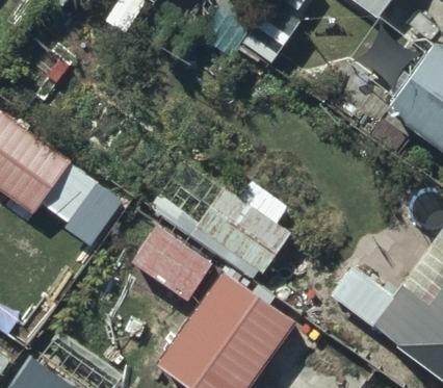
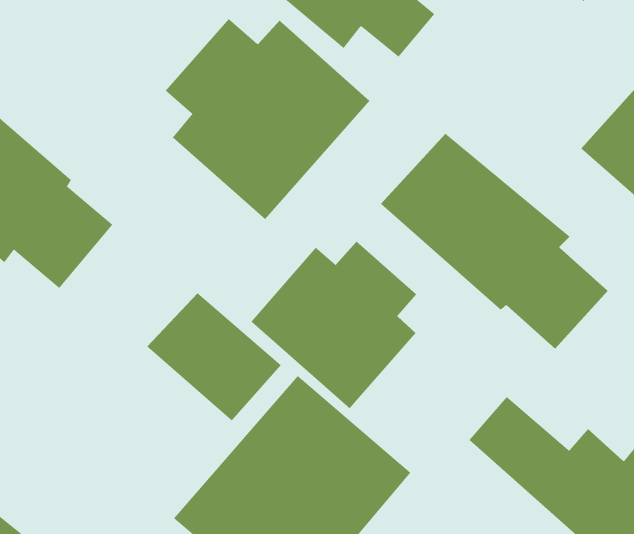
building: none -> [165,18,370,220]
building: none -> [380,133,609,349]

